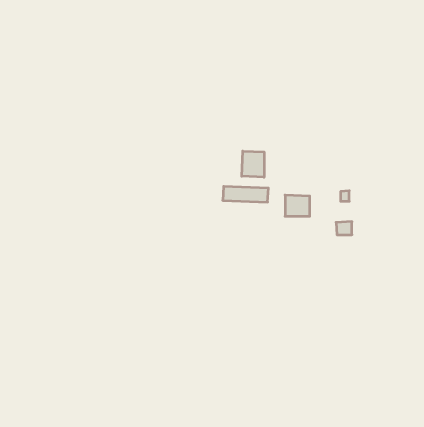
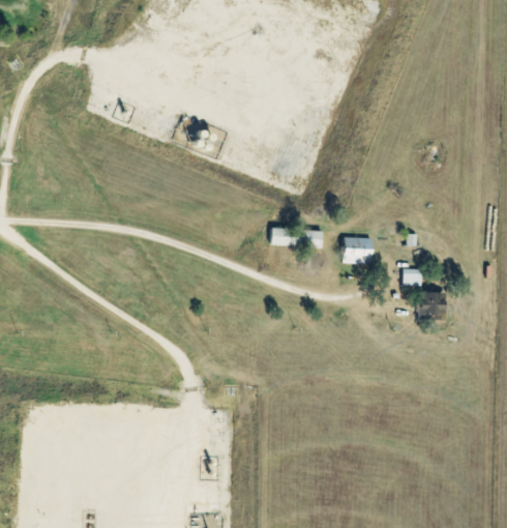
building: [242,151,264,177] -> none
building: none -> [417,291,445,317]

